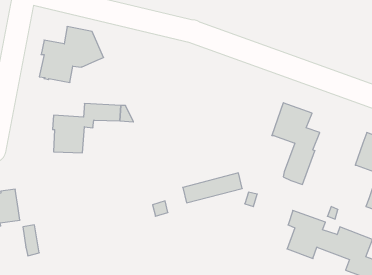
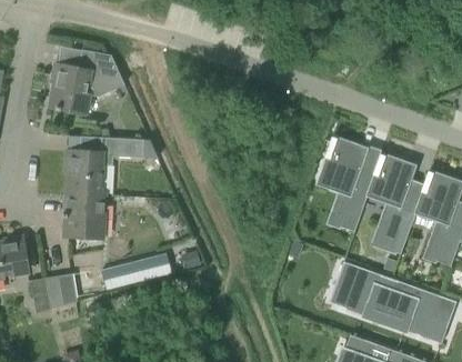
building: none -> [366,154,424,253]
building: none -> [63,193,104,238]
building: [183,173,242,203] -> [101,254,170,289]
building: none -> [44,273,77,310]

